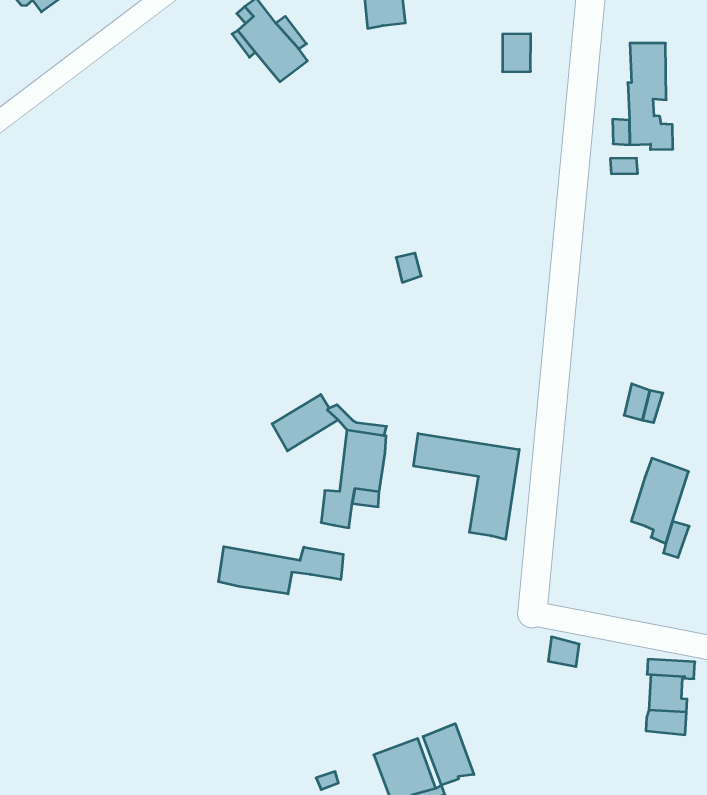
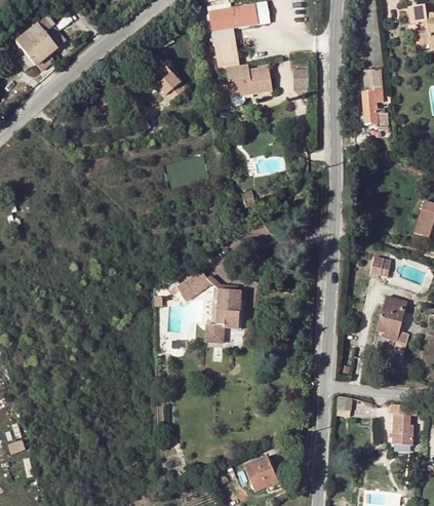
building: none -> [226,65,272,106]
building: [414,433,519,539] -> none
building: [218,547,343,594] -> none
building: [423,724,474,785] -> none

